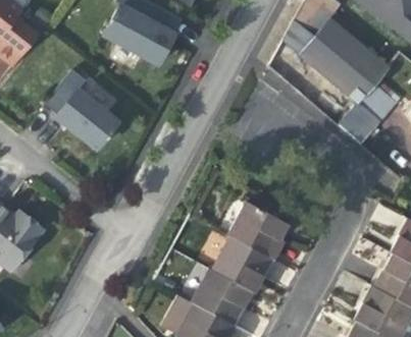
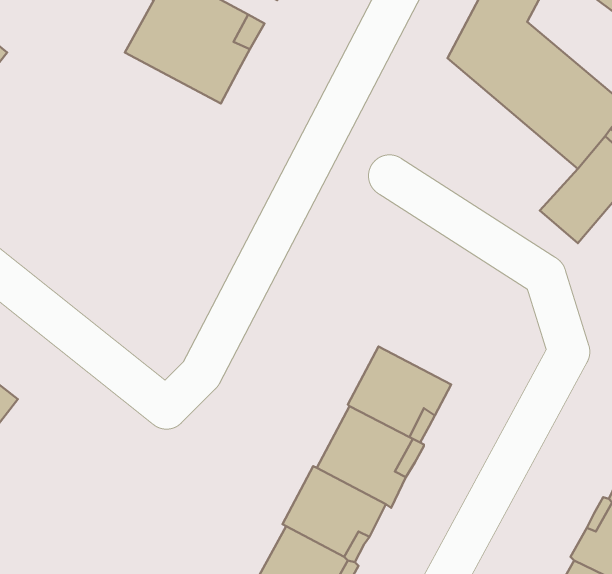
building: [42,69,116,149] -> none

